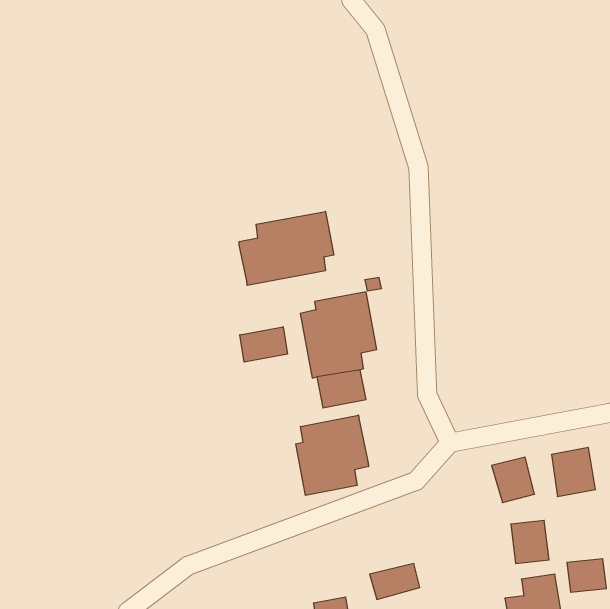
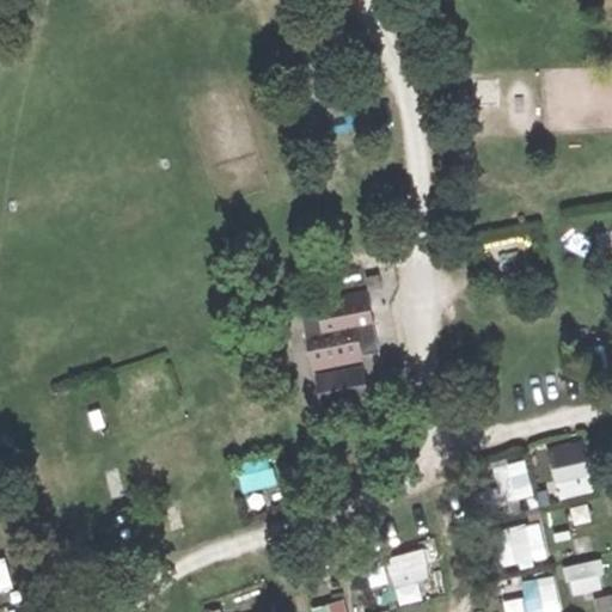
building: [239,211,334,285] -> none
building: [240,327,287,362] -> none
building: [296,415,368,495] -> none

